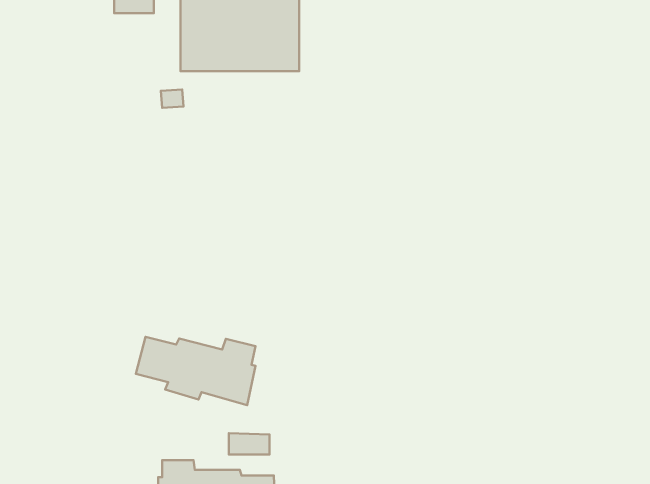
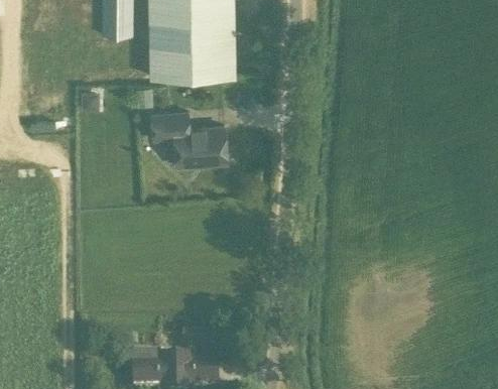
building: none -> [151,112,226,164]
building: [136,337,255,405] -> none

